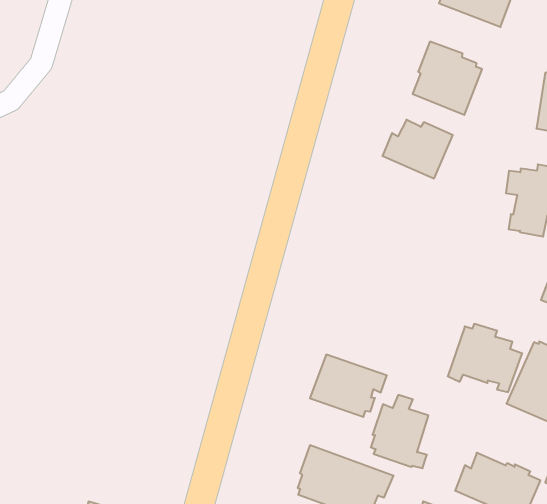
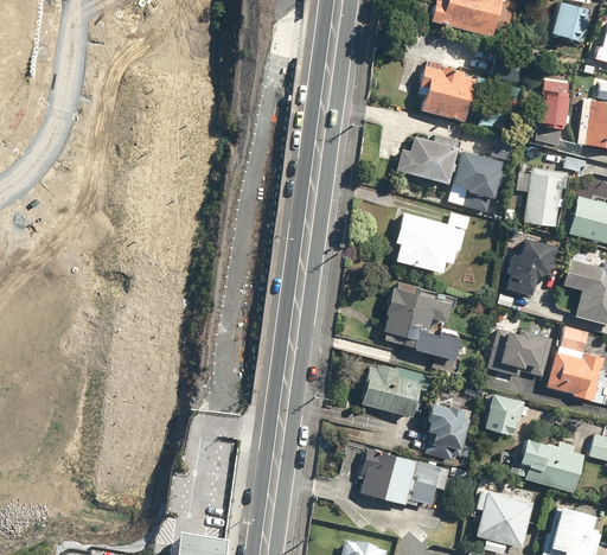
building: none -> [449,152,510,203]
building: none -> [395,210,474,274]
building: none -> [499,232,558,307]
building: none -> [383,280,461,359]
building: none -> [485,393,528,436]

